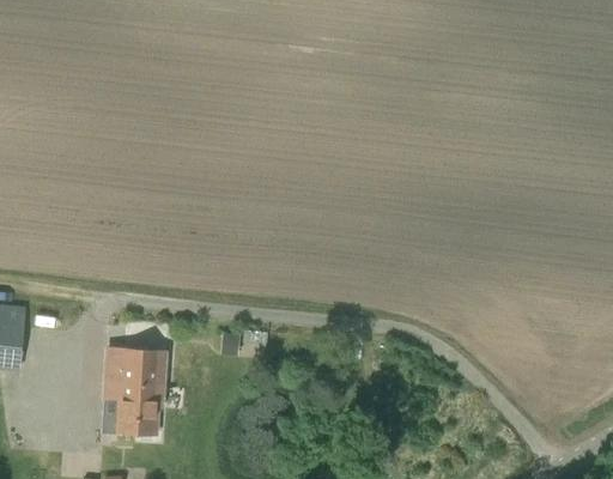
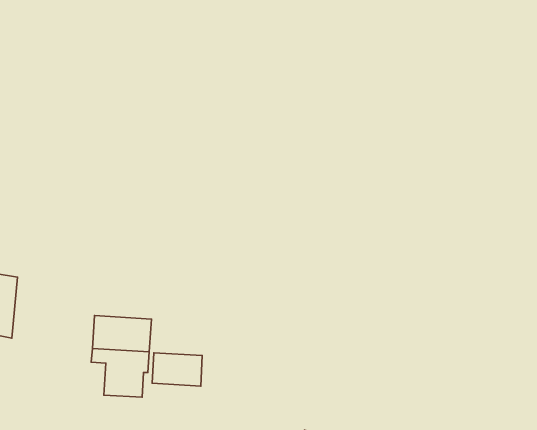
building: none -> [152,353,202,386]

